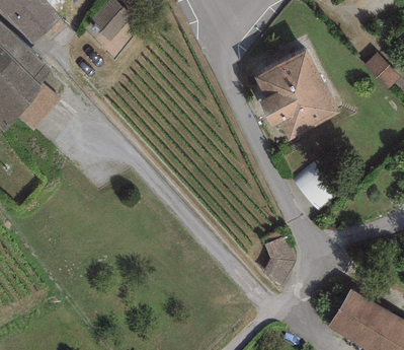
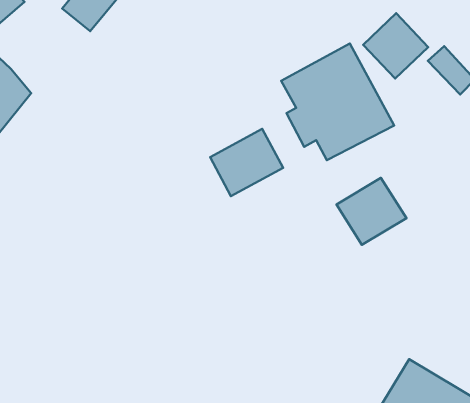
building: none -> [363,13,428,79]
building: none -> [210,129,283,196]
building: [261,234,295,284] -> none

